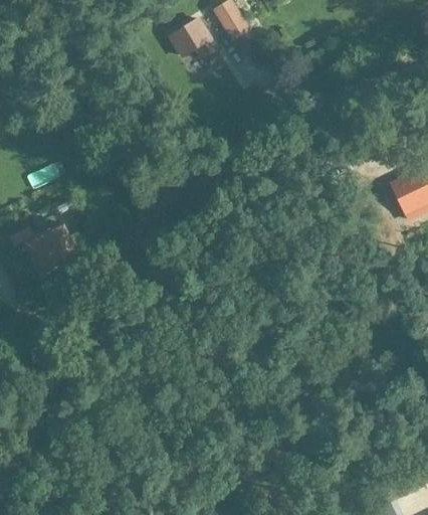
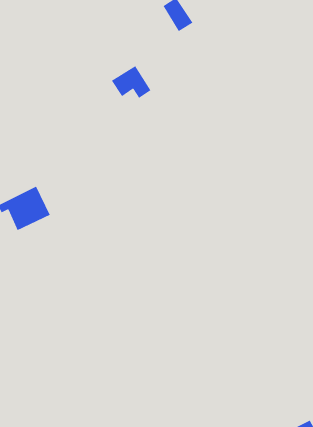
building: [170,19,218,59] -> [111,65,151,99]

